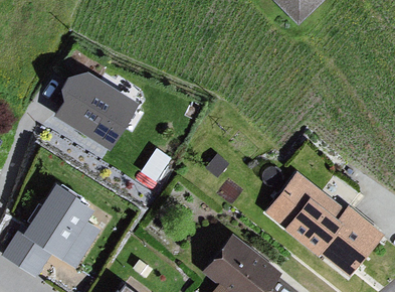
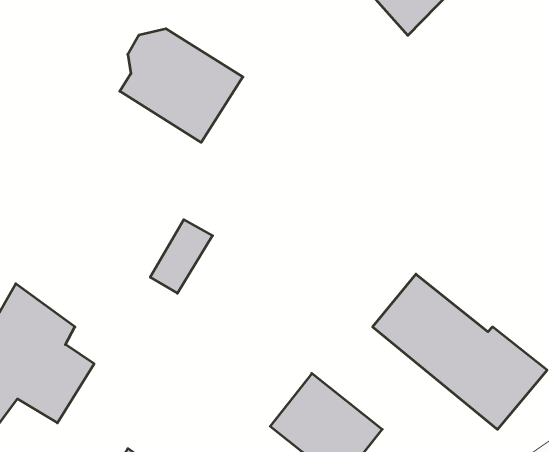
building: [61,75,139,146] -> [120,29,243,142]

